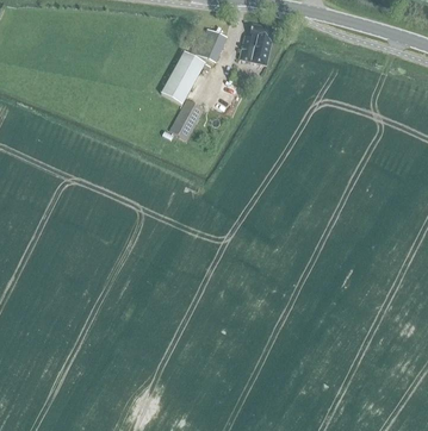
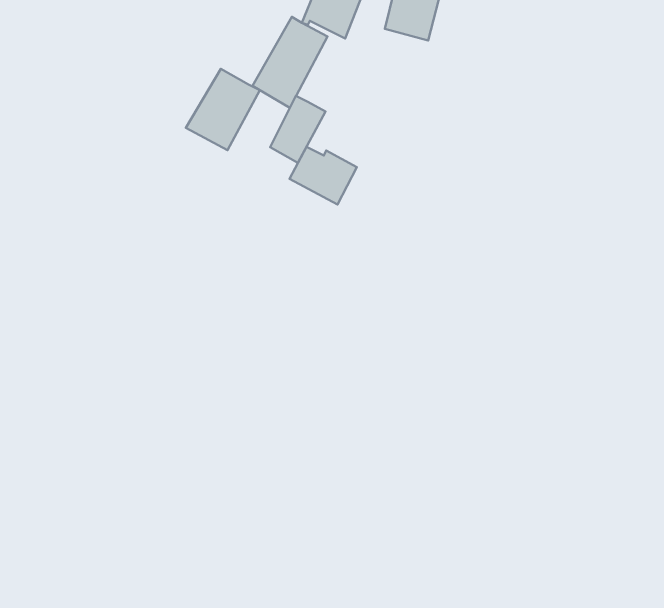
building: none -> [186,69,260,150]
building: none -> [290,147,357,205]

